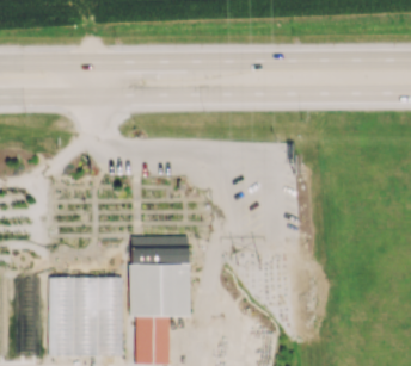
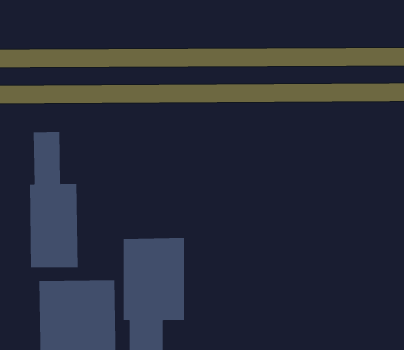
building: none -> [29,131,78,268]

